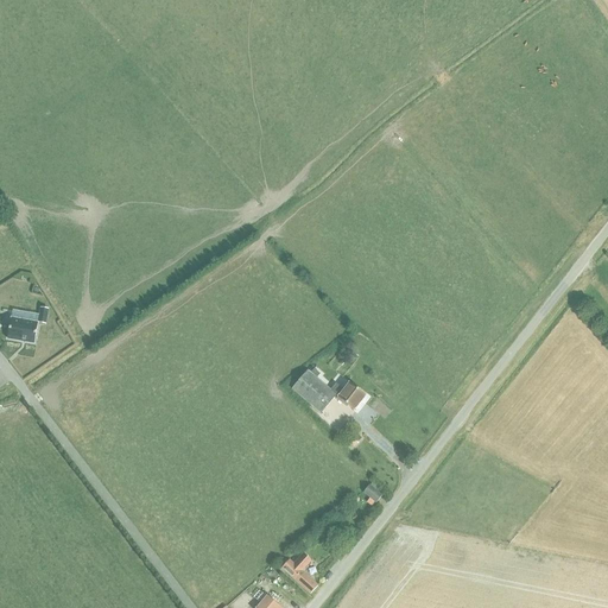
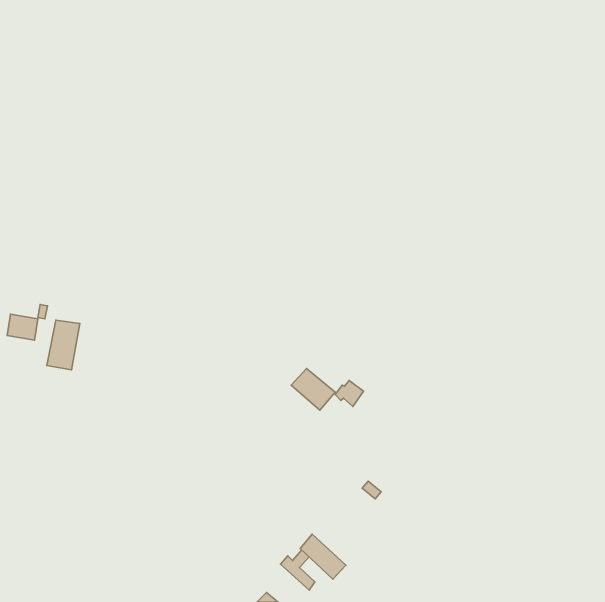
building: none -> [47,320,80,370]
building: none -> [300,534,346,579]

